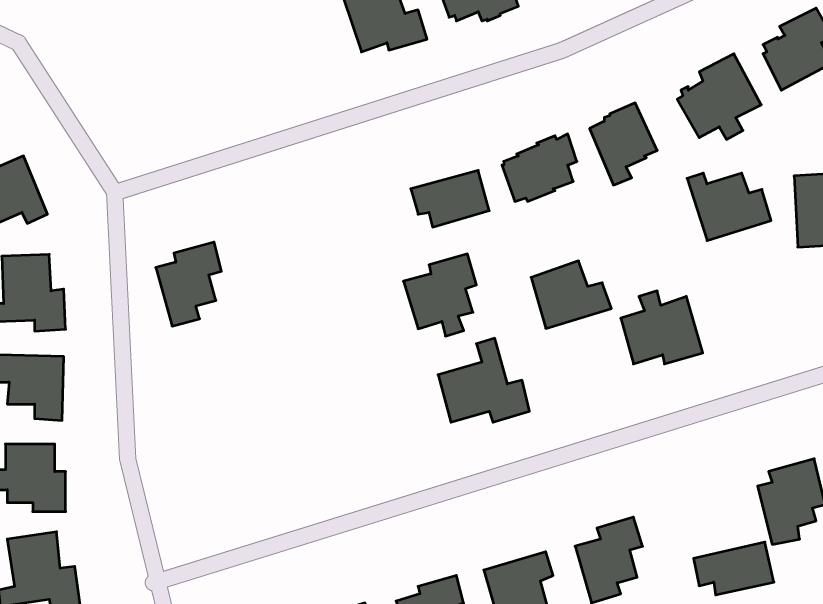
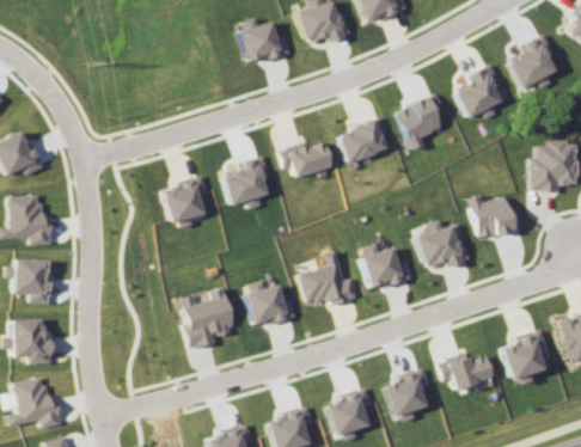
building: [687,173,771,241] -> [469,196,524,240]
building: [156,242,221,326] -> [165,176,208,231]
building: [403,254,476,336] -> [221,157,269,210]
building: [531,261,611,328] -> [361,247,414,292]
building: none -> [244,278,295,329]
building: none -> [179,289,234,350]
building: [694,542,774,595] -> [442,354,495,388]

